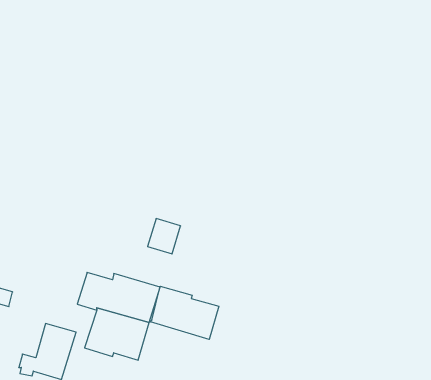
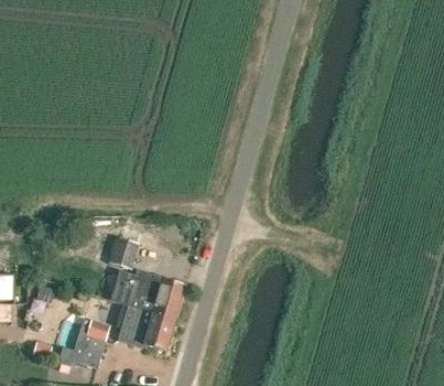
building: [148,219,181,254] -> [108,237,138,269]
building: [151,286,219,339] -> none

